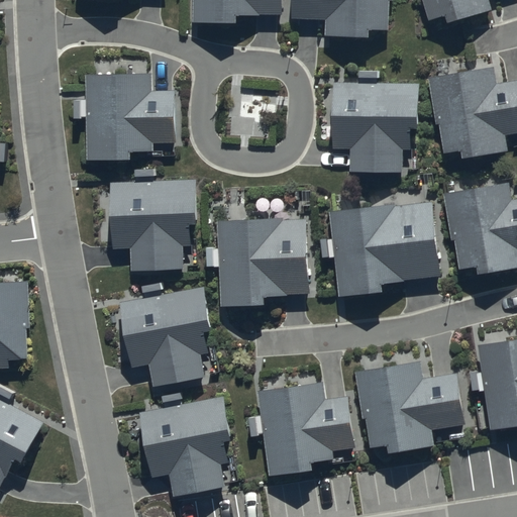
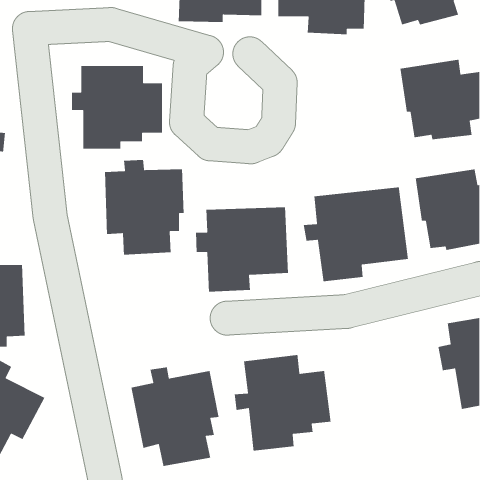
building: [335,72,420,174] -> none
building: [117,282,214,388] -> none
building: [357,359,456,454] -> none

